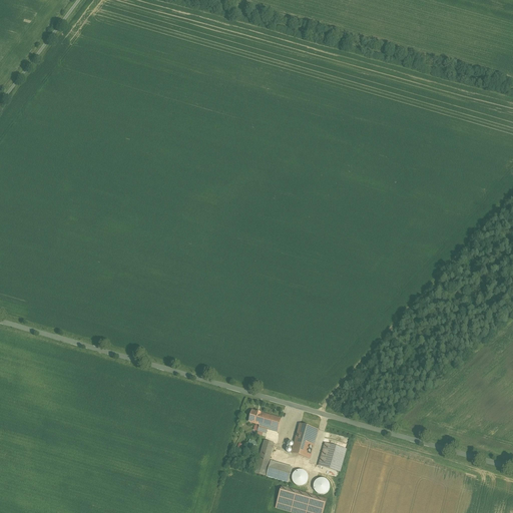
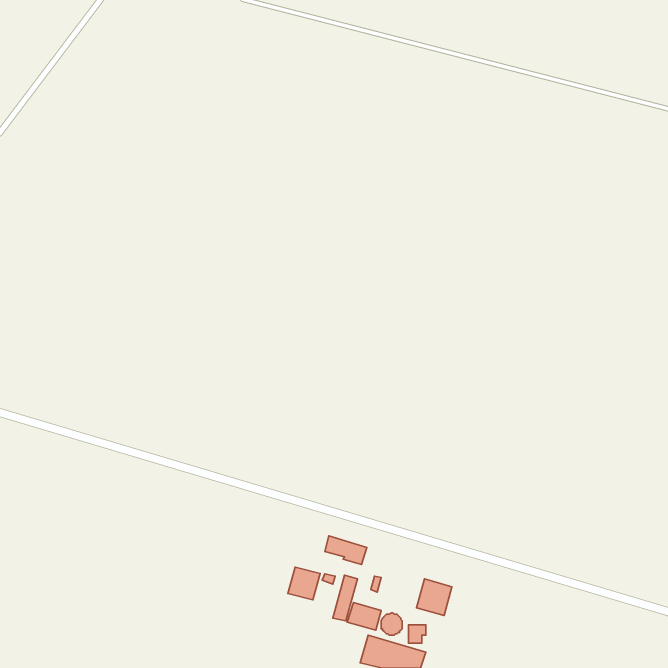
building: [292,424,314,457] -> none
building: none -> [288,567,320,600]

